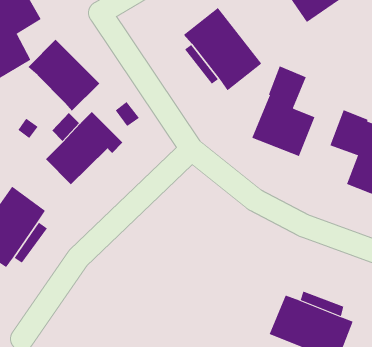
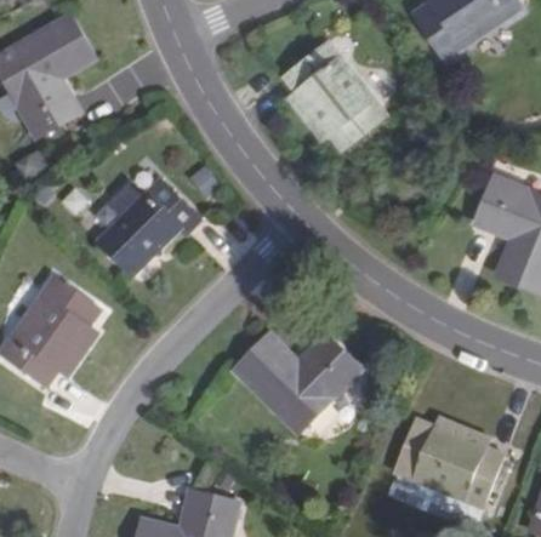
building: [27,39,100,112] -> none
building: [252,66,315,157] -> none
building: none -> [235,335,360,433]

